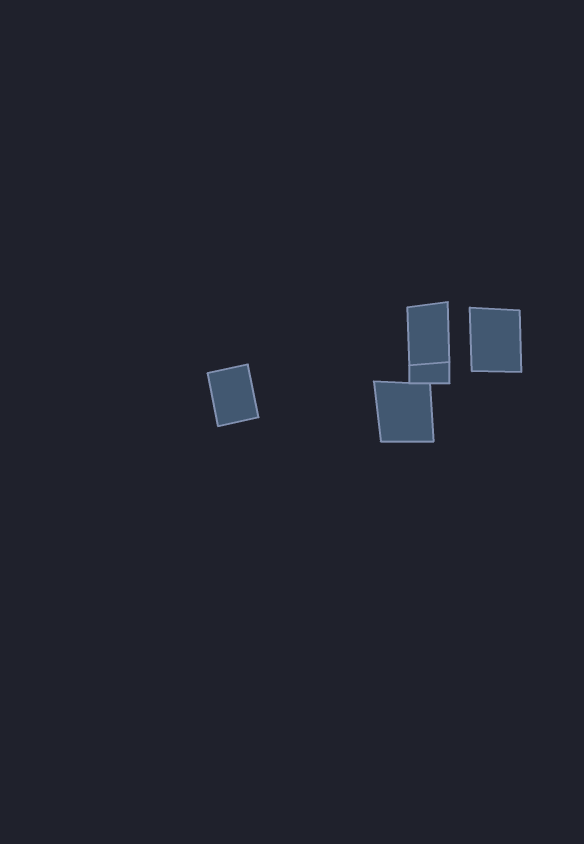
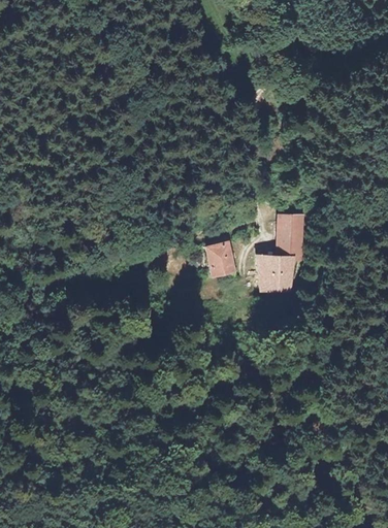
building: [470,307,521,372] -> none
building: [207,364,259,426] -> [205,241,235,277]

